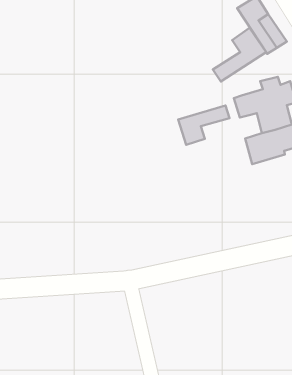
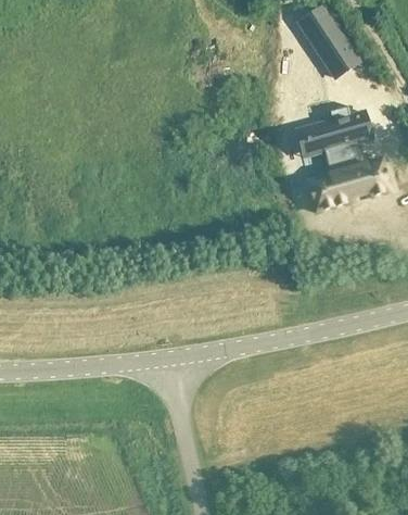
building: [213,28,266,81] -> none
building: [178,105,229,145] -> none

